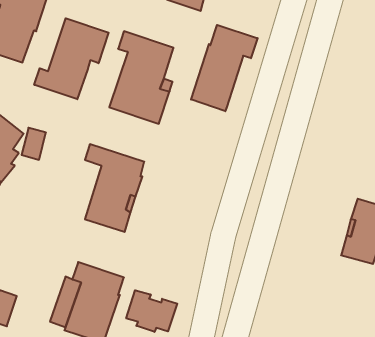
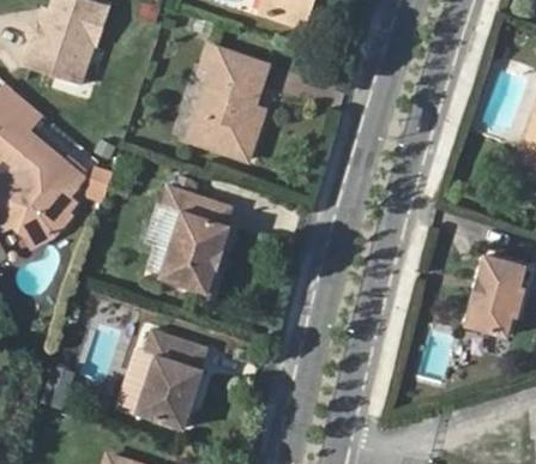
building: [34,18,109,99] -> none
building: [191,25,258,111] -> none
building: [126,290,177,332] -> none

